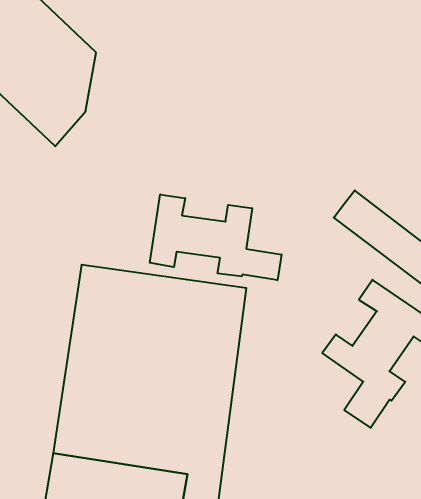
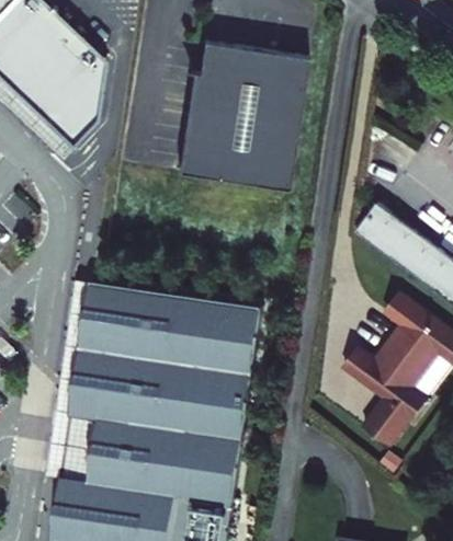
building: none -> [178,39,308,188]
building: [150,194,281,280] -> none

